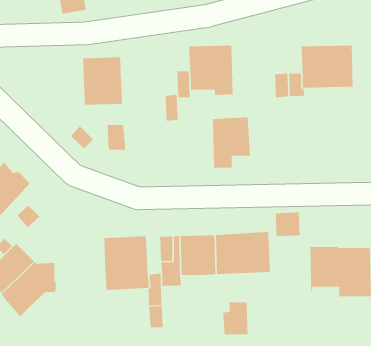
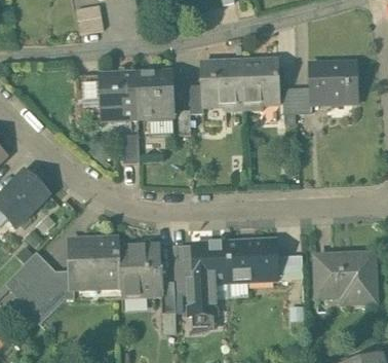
building: none -> [135,70,174,117]
building: [212,117,251,168] -> [242,59,279,108]
building: [275,212,301,237] -> [278,255,303,279]
building: none -> [72,238,120,287]
building: [223,302,248,335] -> [188,282,212,314]

